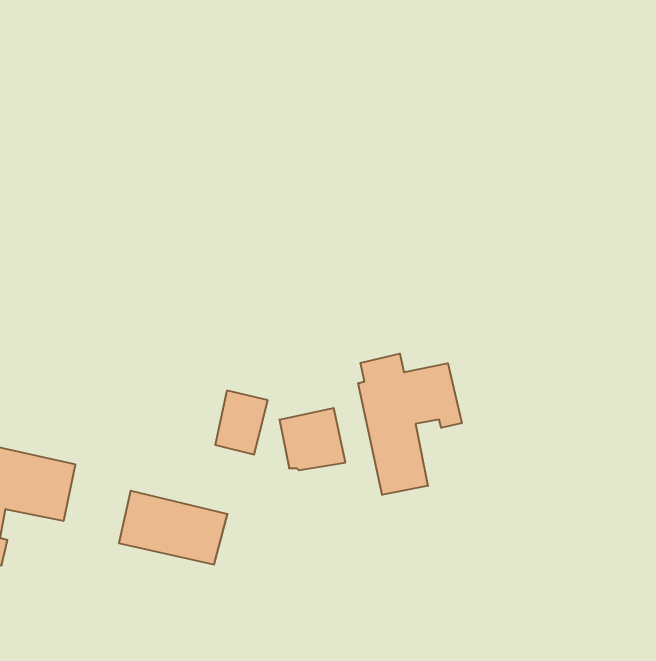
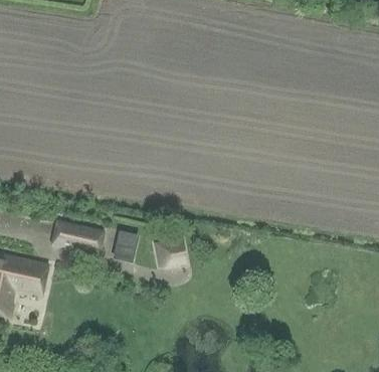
building: [358,354,462,495] -> none
building: [119,491,228,565] -> [49,218,106,256]

